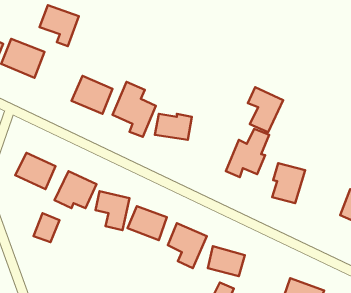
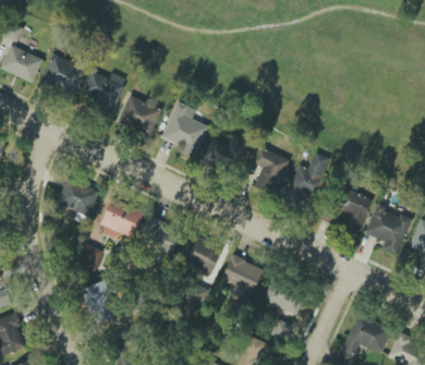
building: [40,5,79,46] -> [81,72,123,117]
building: [248,87,283,132] -> [251,146,289,195]
building: none -> [365,206,411,255]
building: none -> [82,281,118,325]

